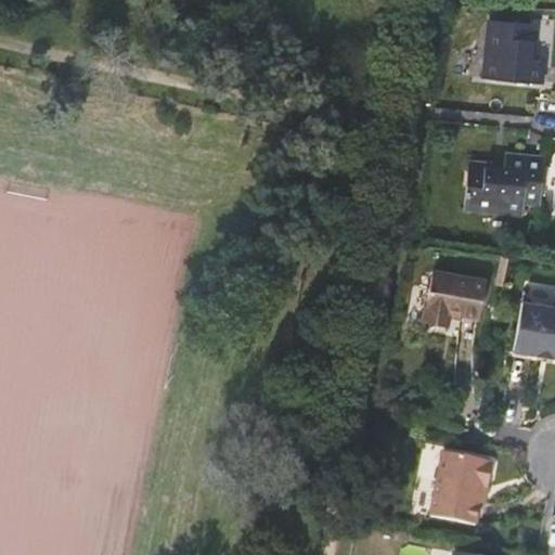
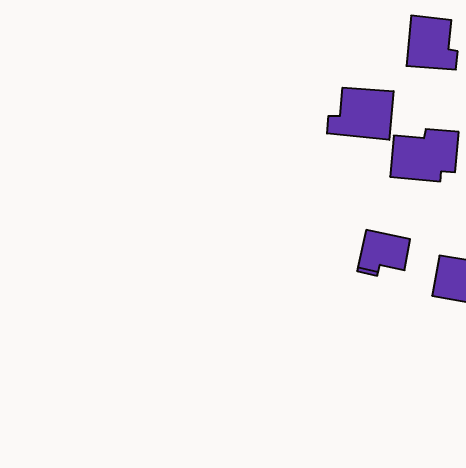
building: none -> [327,88,394,140]
building: [425,451,492,525] -> none

